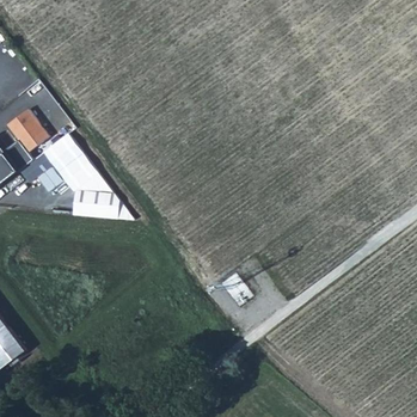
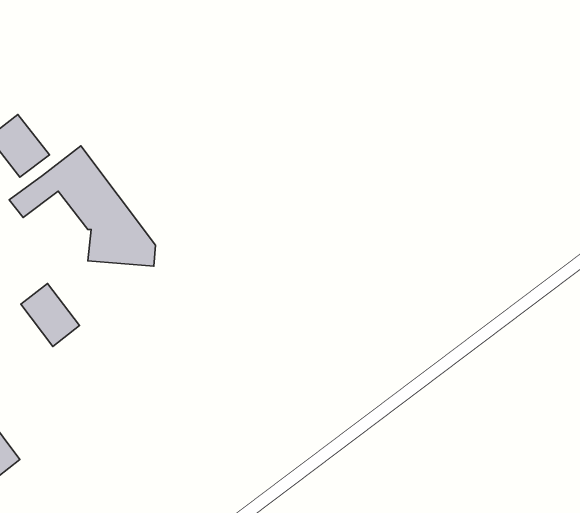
building: none -> [21,283,80,346]

